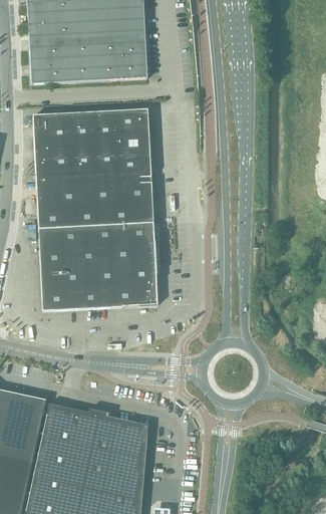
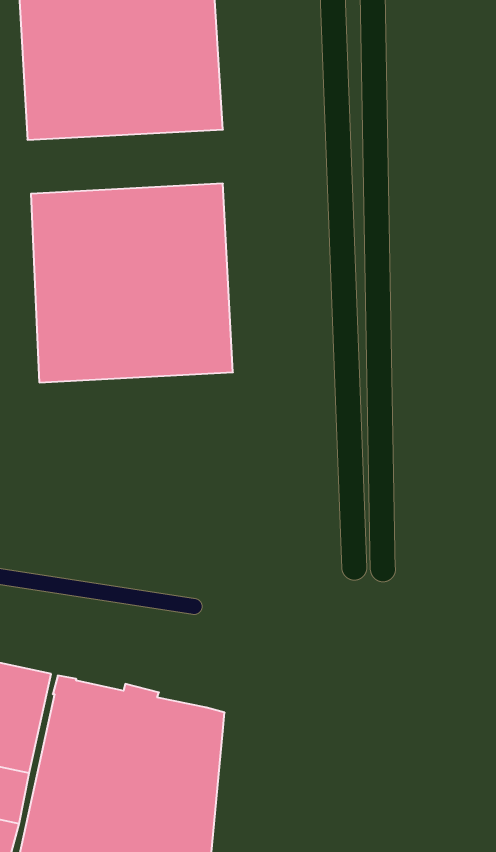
building: [37,222,156,310] -> none

